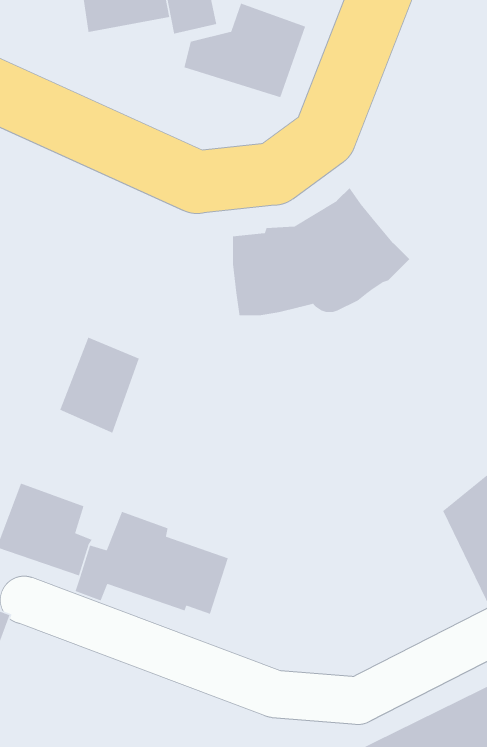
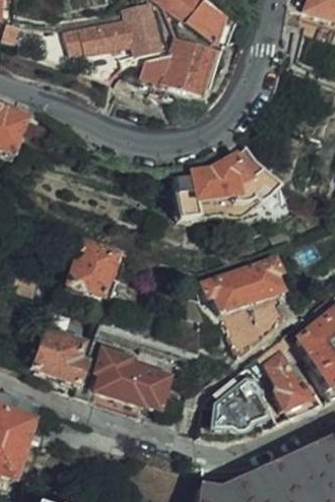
building: none -> [201,254,281,310]
building: none -> [264,348,318,424]
building: none -> [213,385,271,445]

